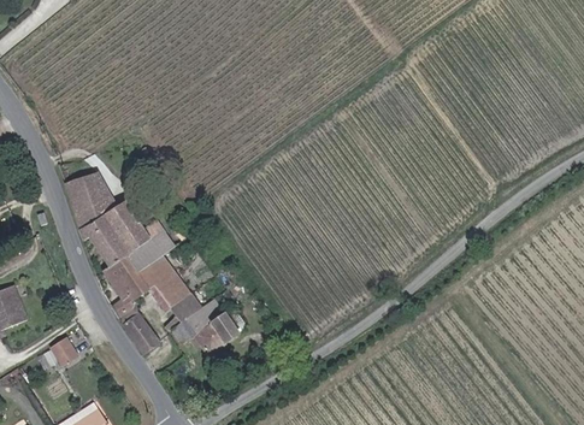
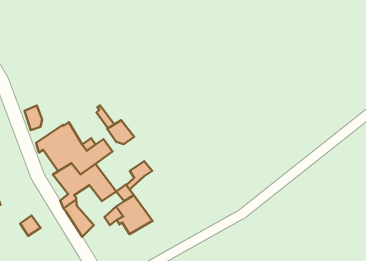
building: [72,175,116,231] -> none
building: none -> [107,120,134,144]
building: [164,297,199,336] -> [126,161,152,189]

